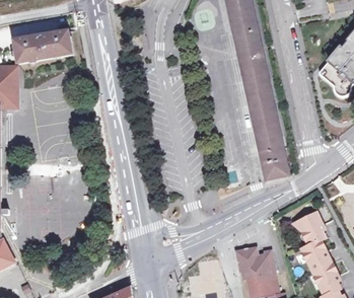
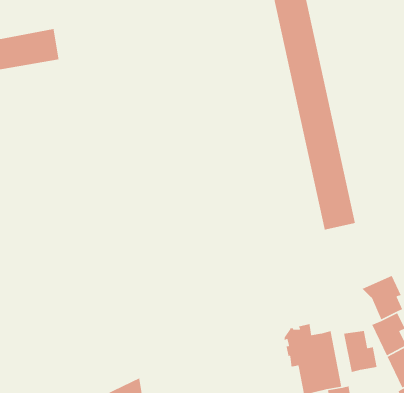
building: none -> [343,330,377,373]

